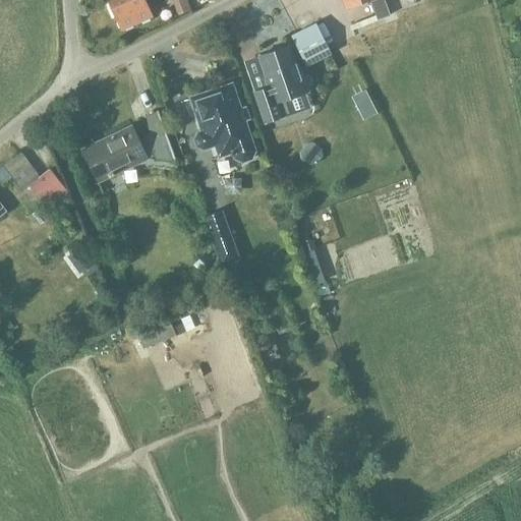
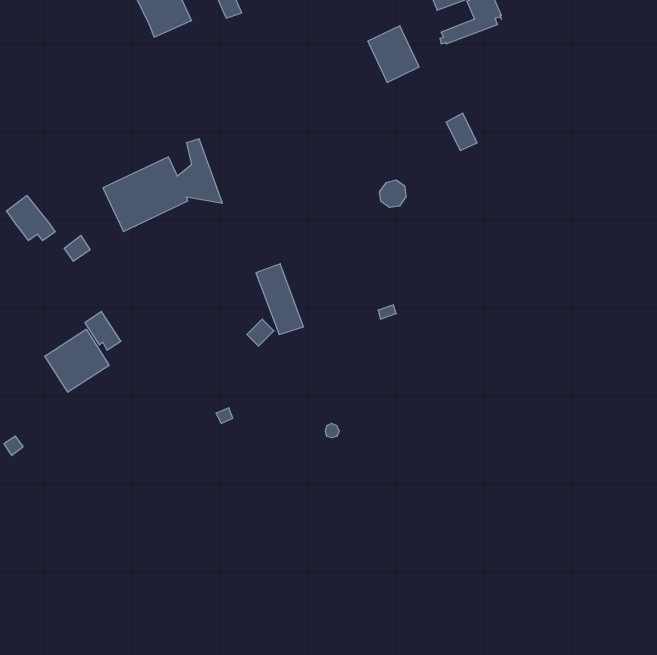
building: [254,46,307,121] -> none
building: [193,83,254,160] -> none
building: none -> [45,329,109,392]

